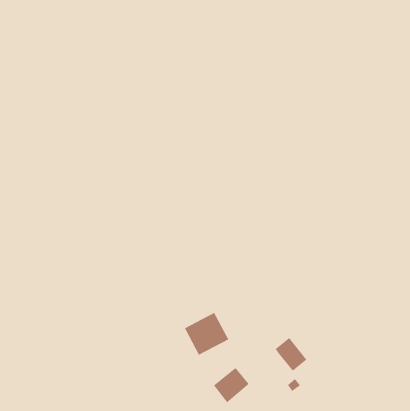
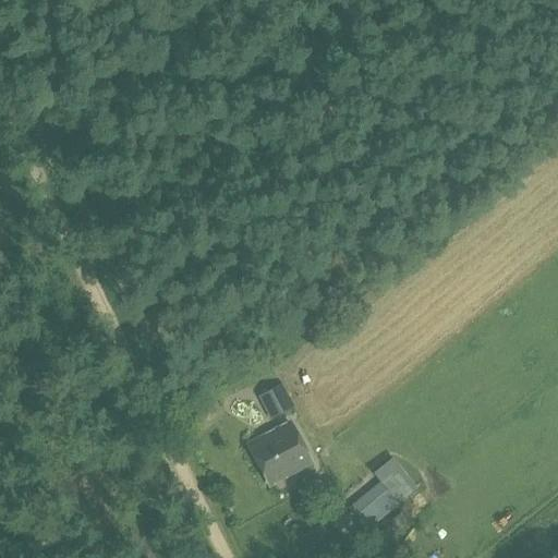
building: none -> [259,384,295,421]
building: [213,367,249,403] -> [349,481,398,530]

